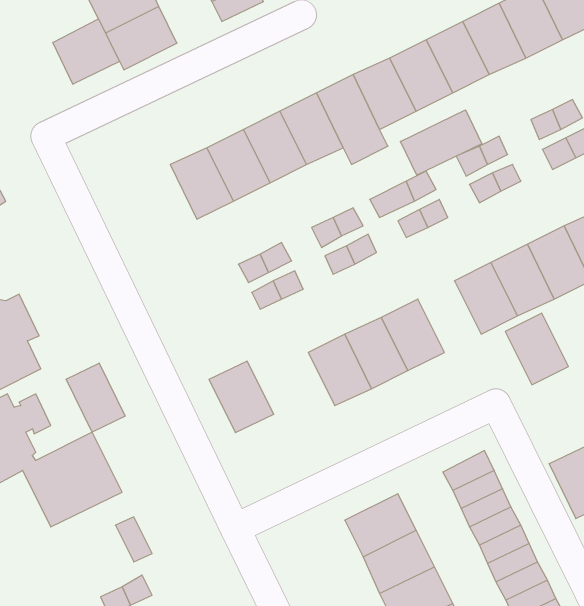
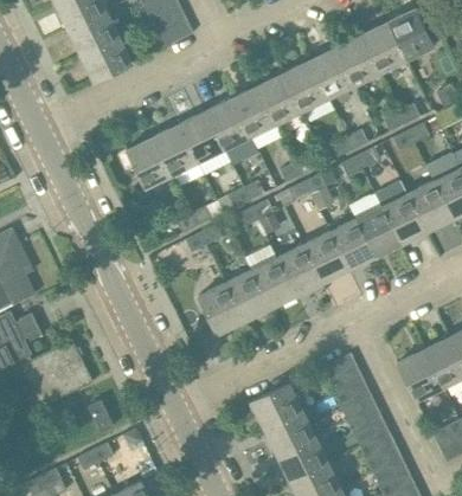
building: [53,19,120,84] -> none
building: [400,110,482,175] -> none
building: [505,313,568,385] -> [303,232,348,283]
building: [209,361,274,433] -> [198,283,244,334]
building: [66,363,125,432] -> none

